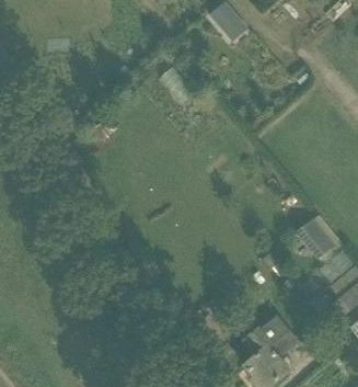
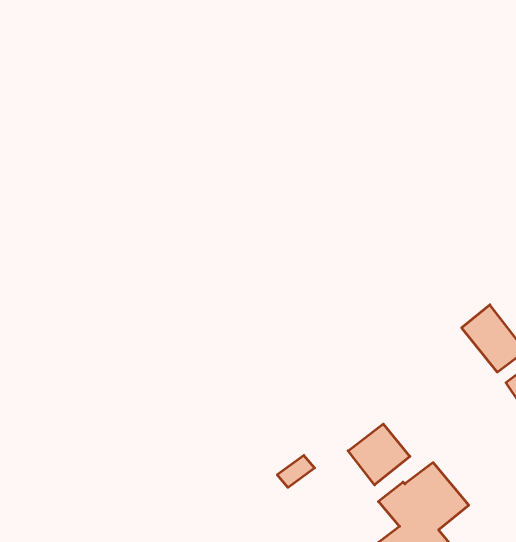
building: none -> [348,424,410,485]

